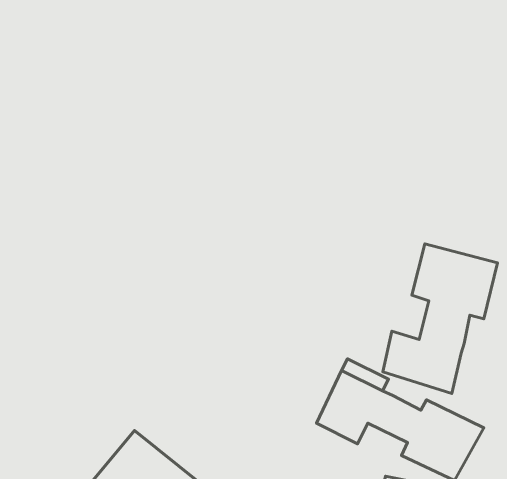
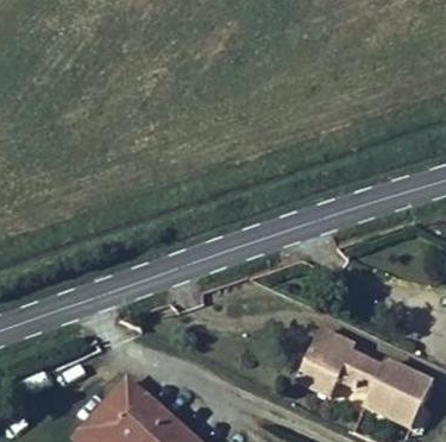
building: [383,244,497,394] -> none

